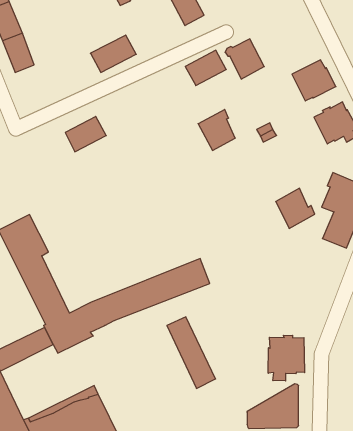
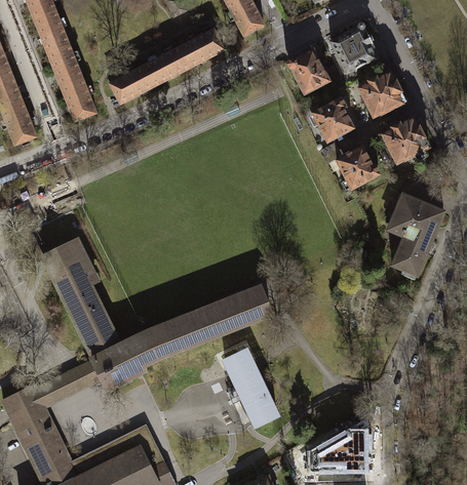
building: none -> [330,24,378,73]
building: [185,50,226,86] -> [180,29,224,67]
building: none -> [61,78,95,121]
building: [198,109,235,150] -> [312,97,352,142]
building: [65,116,106,152] -> [109,66,153,104]
building: [276,188,315,228] -> [337,146,379,189]
building: [268,335,305,381] -> none

